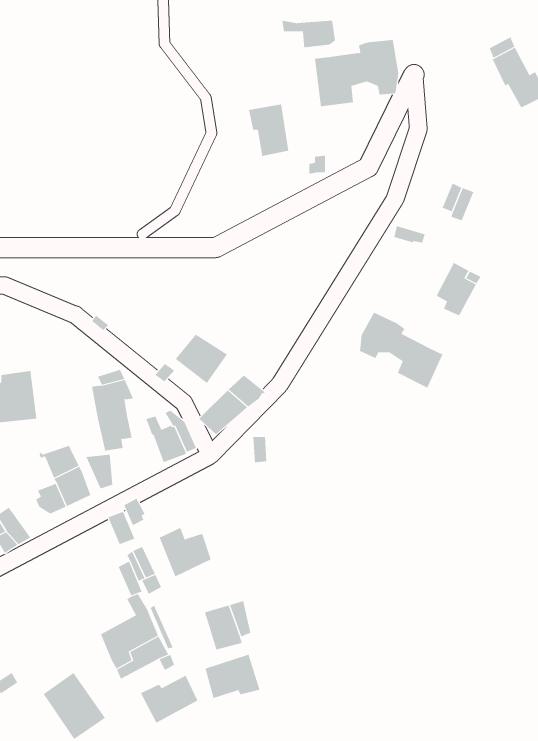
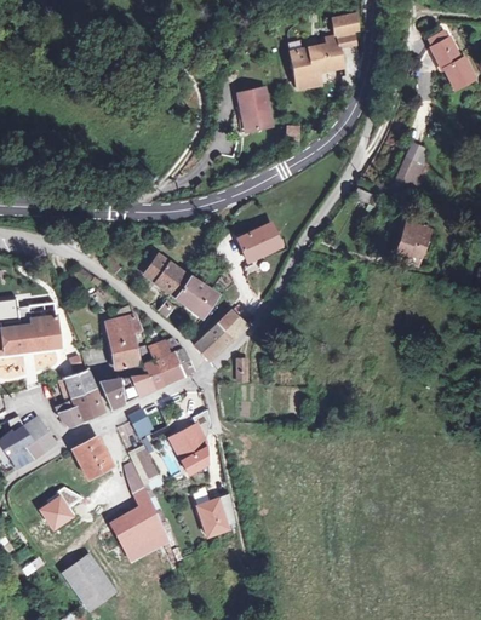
building: [282,20,336,48] -> [314,12,359,35]
building: none -> [235,223,280,262]
building: none -> [141,253,190,297]
building: [359,312,443,388] -> none
building: none -> [120,360,164,402]
building: none -> [73,436,113,480]
building: none -> [40,495,76,533]
building: [205,654,260,699] -> none
building: [140,675,198,724] -> none

